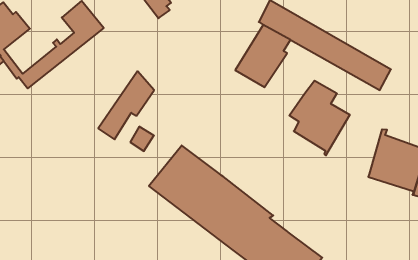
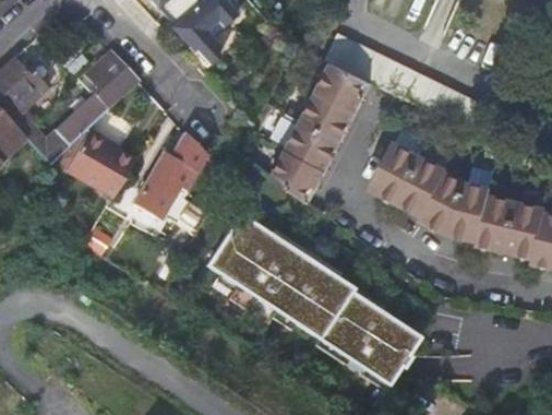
building: none -> [65,130,135,198]
building: none -> [274,123,340,198]
building: none -> [421,169,488,240]

